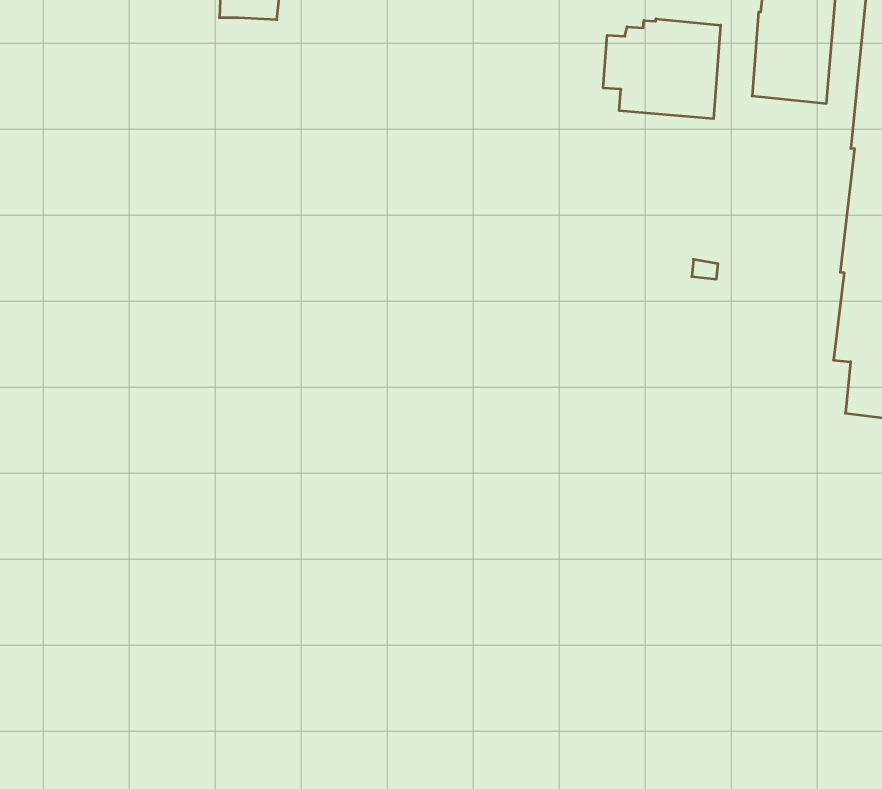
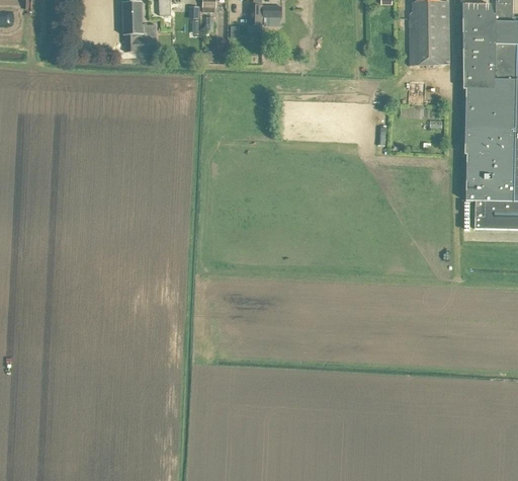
building: [603,19,721,119] -> none

